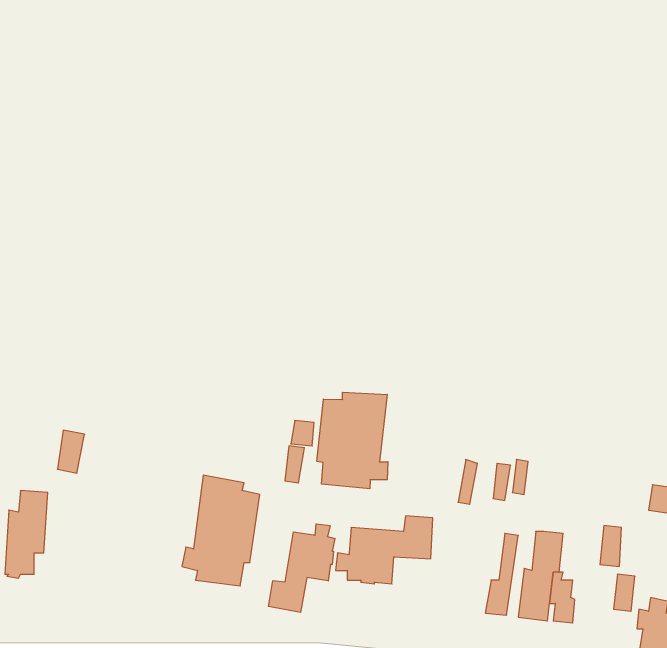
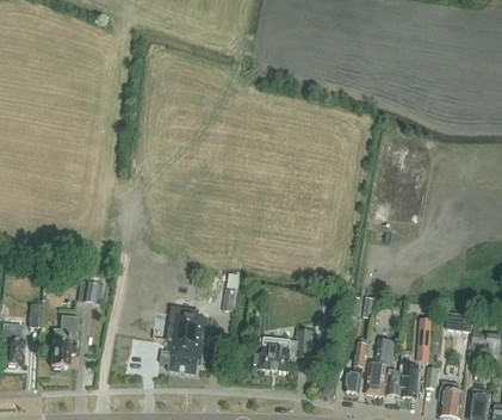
building: [317,392,388,489] -> none
building: [268,524,335,612] -> none
building: none -> [398,364,419,395]

